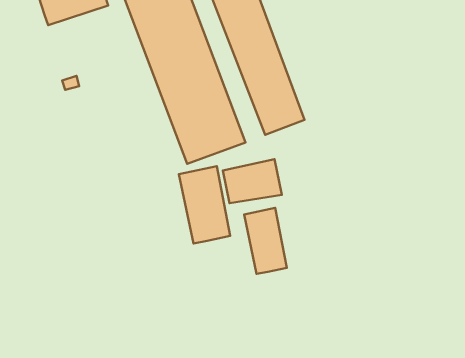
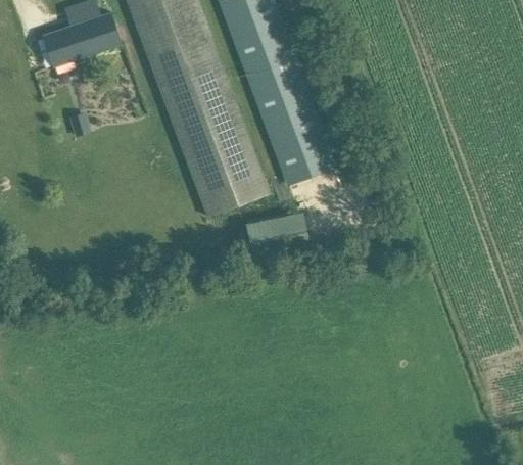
building: [179,166,230,243] -> none
building: [244,208,287,274] -> none

